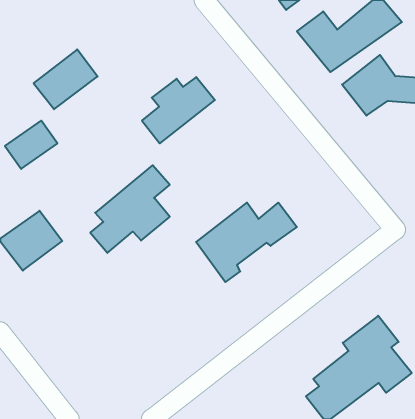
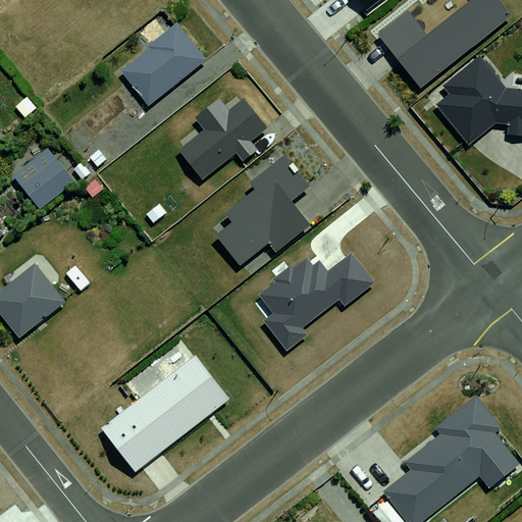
building: [34,49,98,109] -> [125,27,205,101]
building: [90,165,170,253] -> [218,157,317,266]
building: none -> [98,352,223,467]

